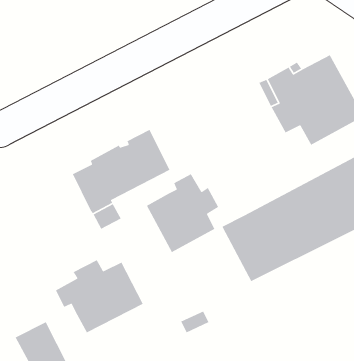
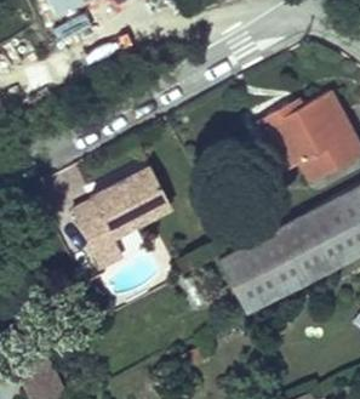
building: [146,173,219,253] -> none
building: [55,259,144,334] -> none

